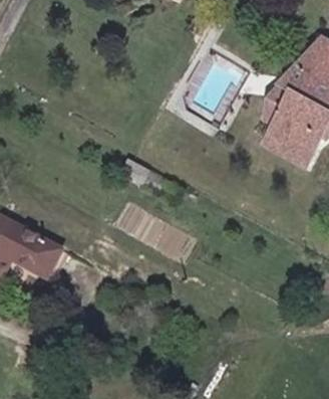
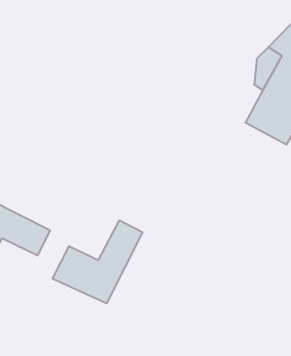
building: none -> [52,220,143,303]

